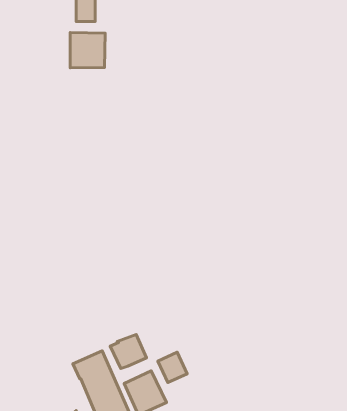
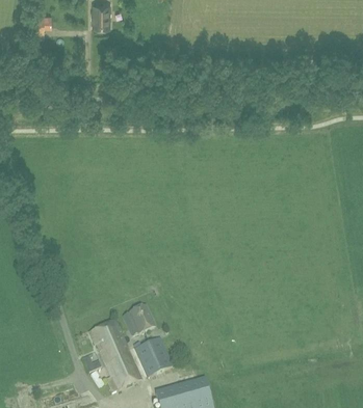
building: [70,32,105,68] -> none
building: [158,352,187,383] -> none

